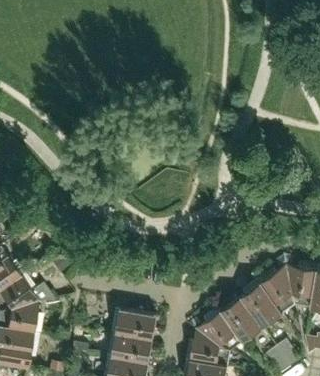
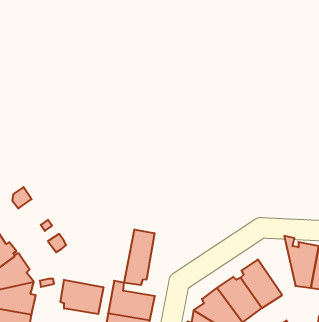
building: none -> [124,229,154,285]
building: [259,255,296,313] -> none
building: none -> [61,280,103,314]

